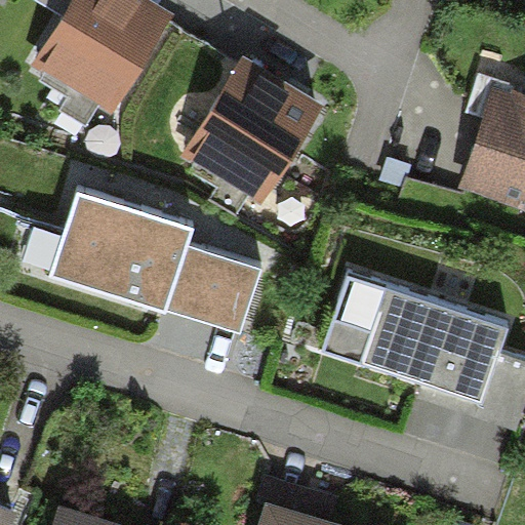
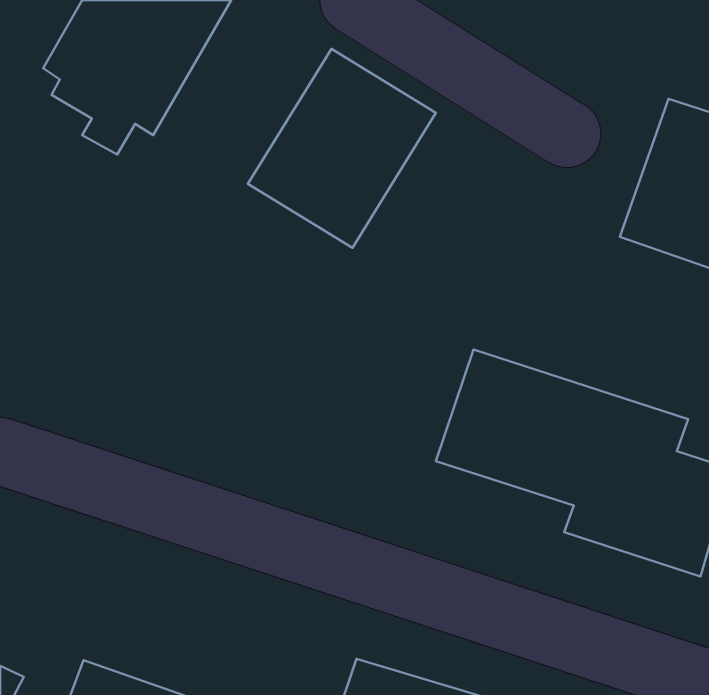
building: [54,189,260,333] -> none

